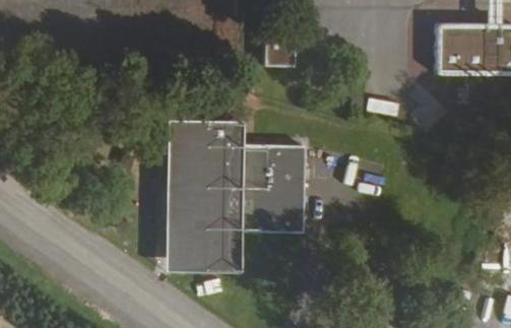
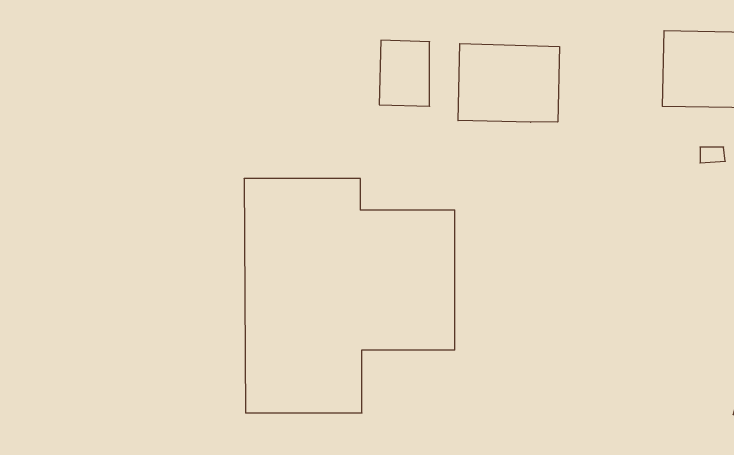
building: none -> [458,44,559,122]

